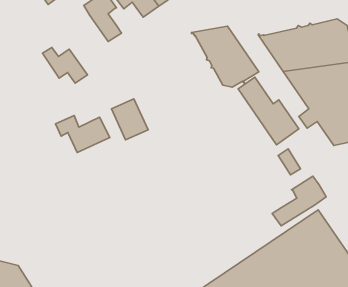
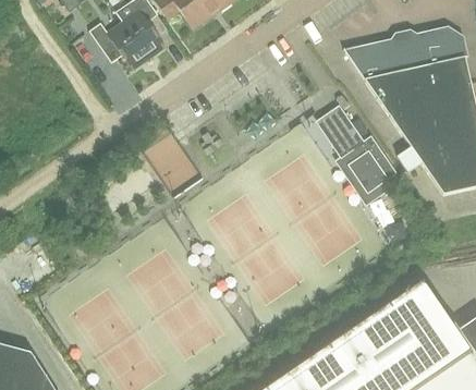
building: [191,26,259,87] -> none
building: [43,47,88,83] -> [89,24,148,71]
building: [55,115,110,152] -> none
building: [272,176,326,226] -> none

